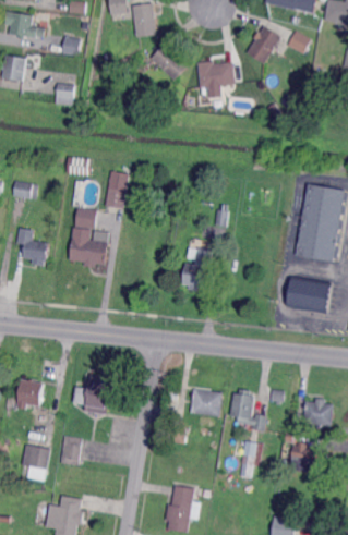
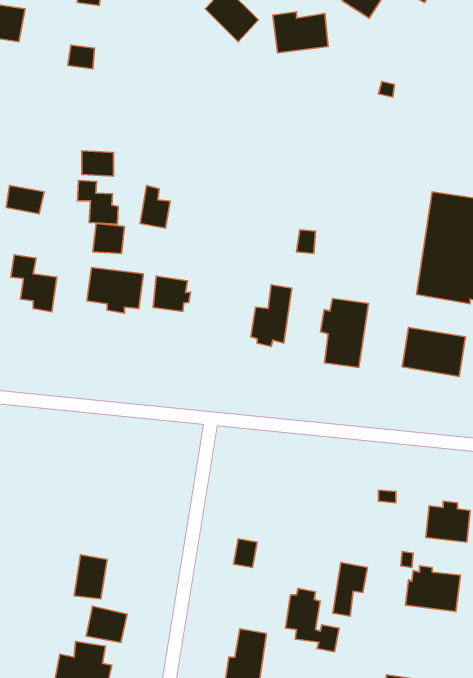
building: none -> [77,181,118,224]
building: none -> [153,276,190,312]
building: none -> [321,298,369,367]
building: [72,374,112,414] -> none
building: [15,378,41,409] -> none
building: [189,388,223,416] -> none
building: [229,388,266,431] -> [286,589,339,652]
building: [20,445,48,470] -> [86,606,127,642]

